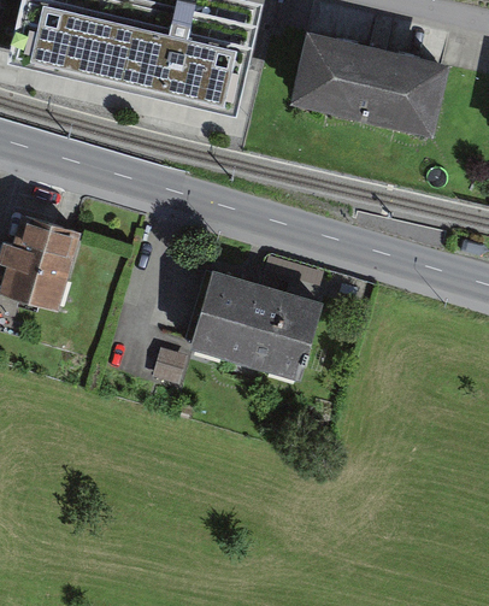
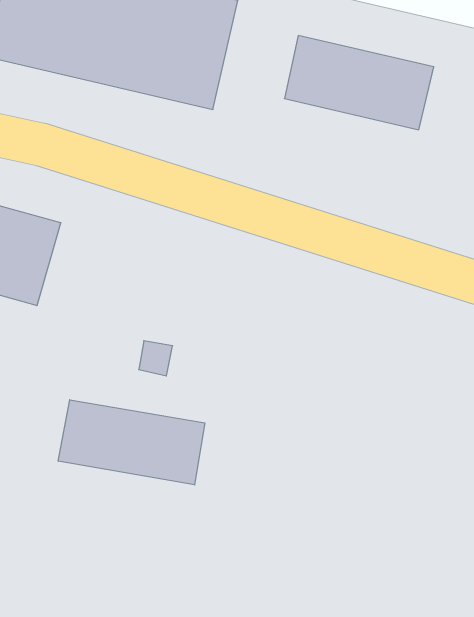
building: [193,275,312,375] -> none
building: none -> [58,400,205,485]

